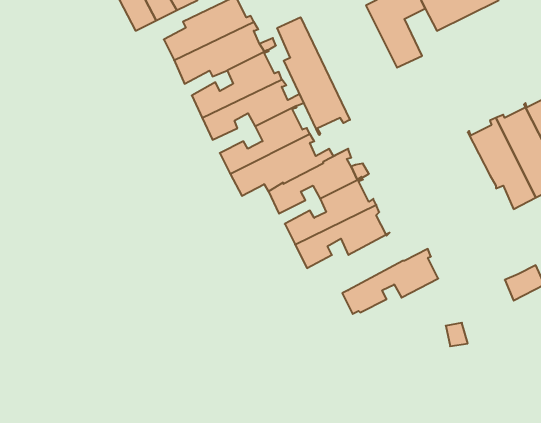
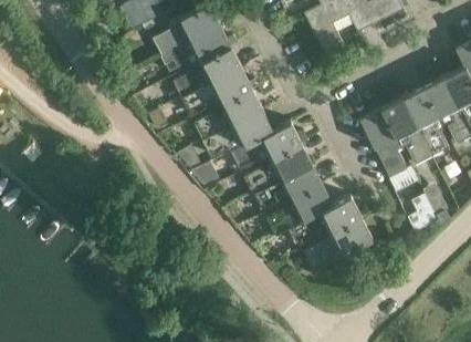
building: [277,17,350,135] -> none
building: none -> [359,105,406,175]
building: none -> [264,180,332,232]
building: none -> [303,214,371,266]

